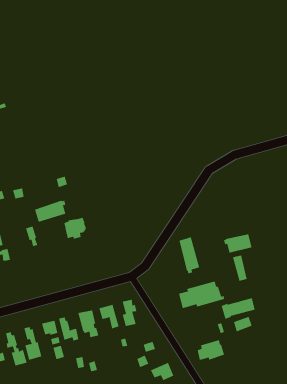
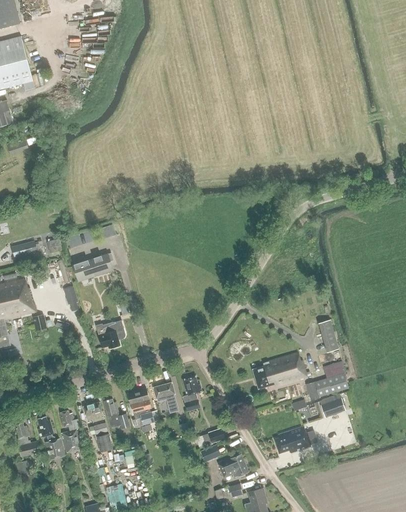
building: [63,217,86,240] -> [96,319,125,347]
building: [223,233,252,254] -> none
building: [179,237,200,274] -> none

